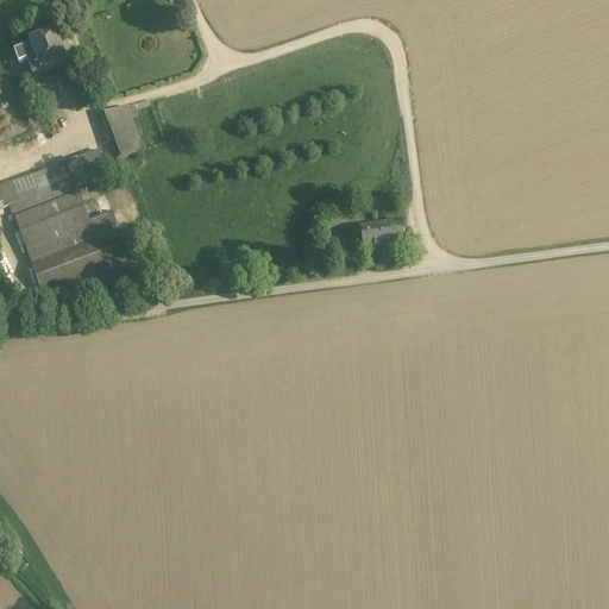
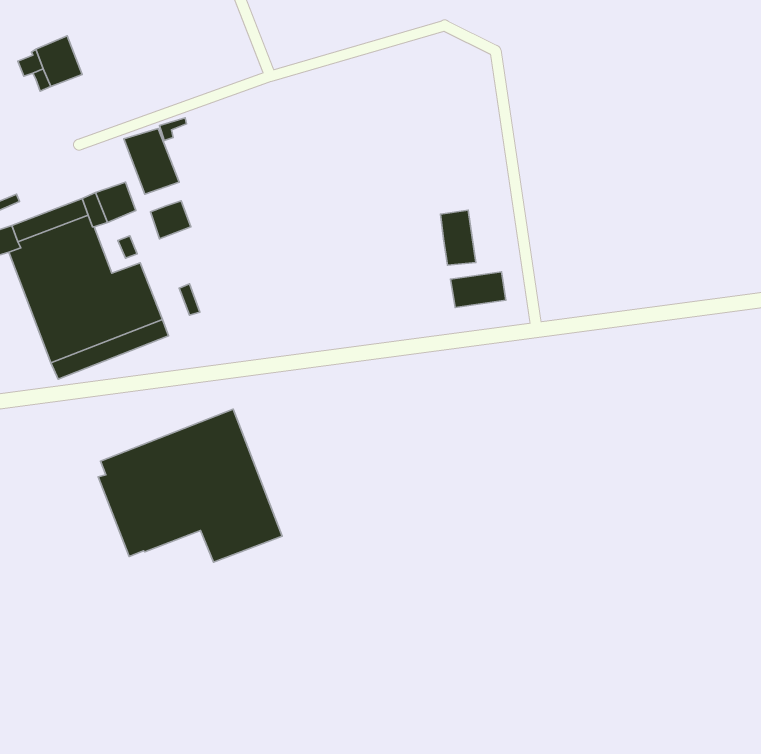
building: none -> [150,201,191,239]
building: none -> [440,210,476,265]
building: none -> [98,409,282,562]

